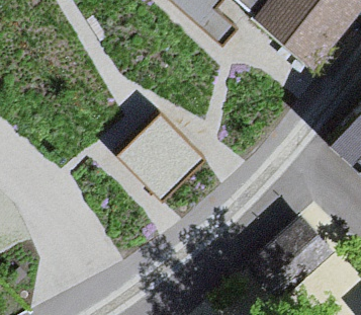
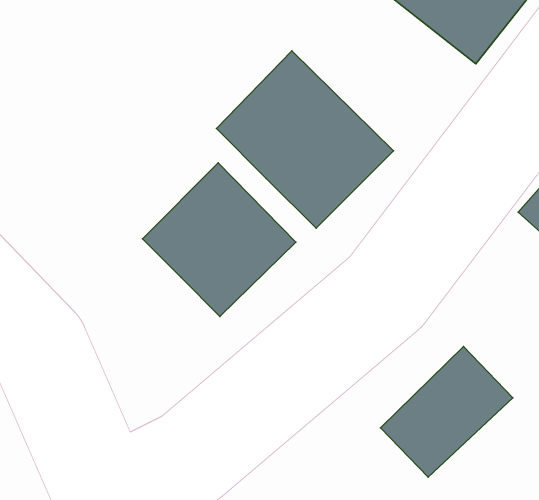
building: none -> [217,51,393,228]

